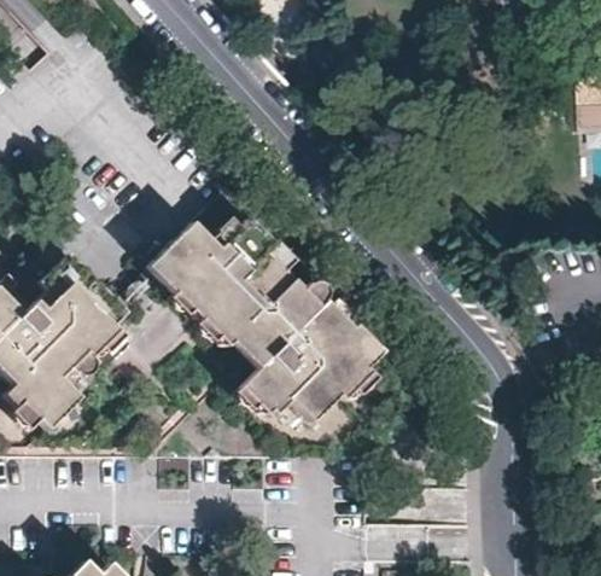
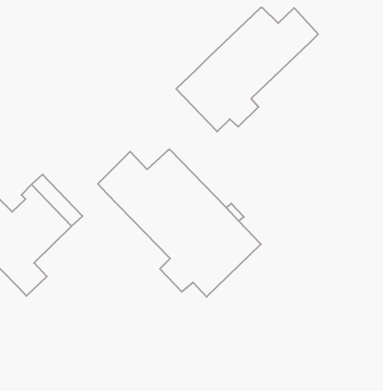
building: none -> [176,8,318,132]

